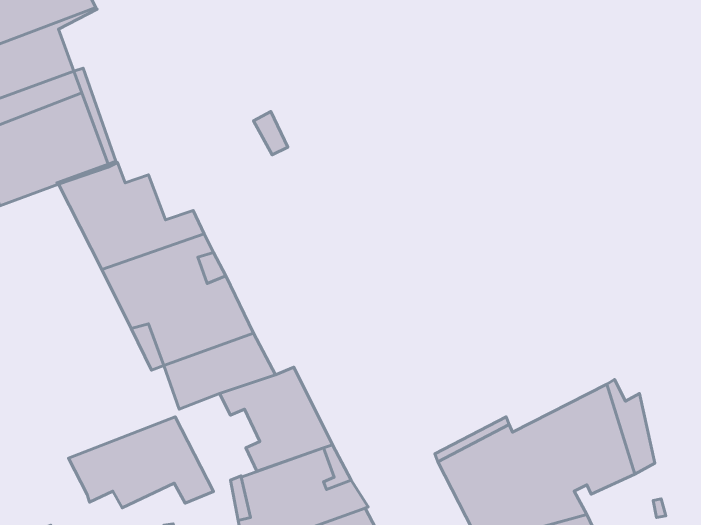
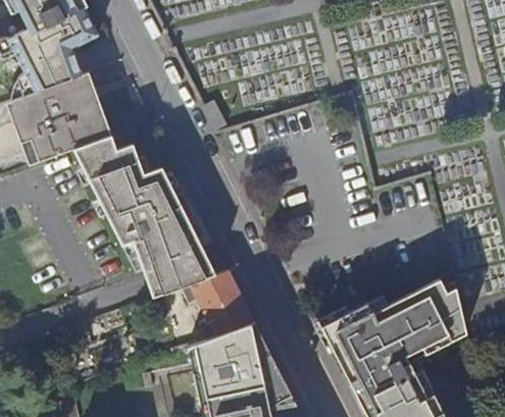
building: [68,417,214,508] -> none

